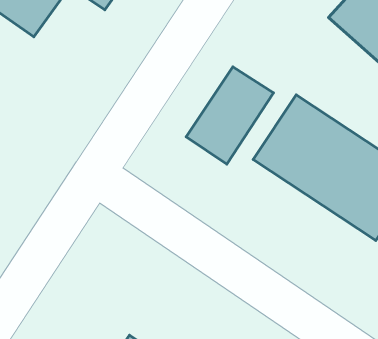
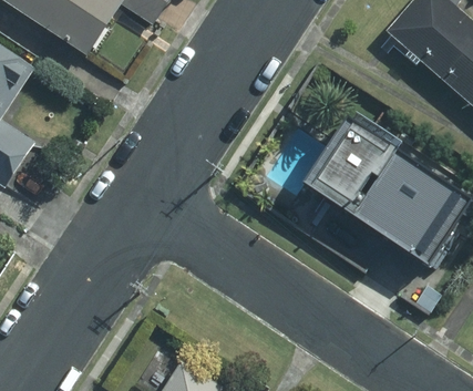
building: [186,67,273,164] -> none

